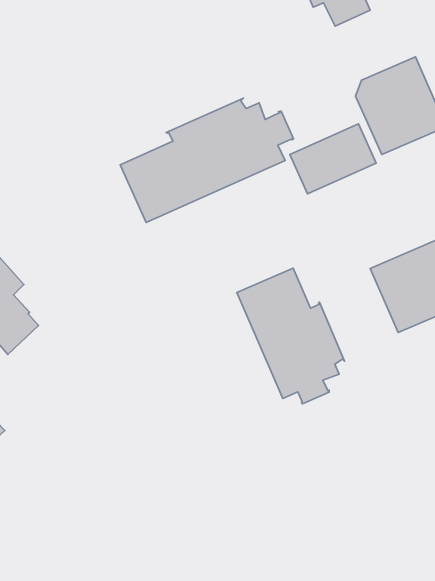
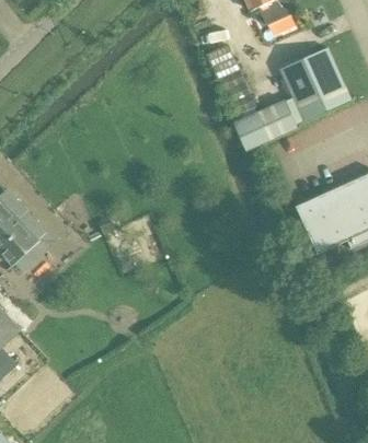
building: [120,98,294,223] -> none
building: [237,268,345,404] -> none

